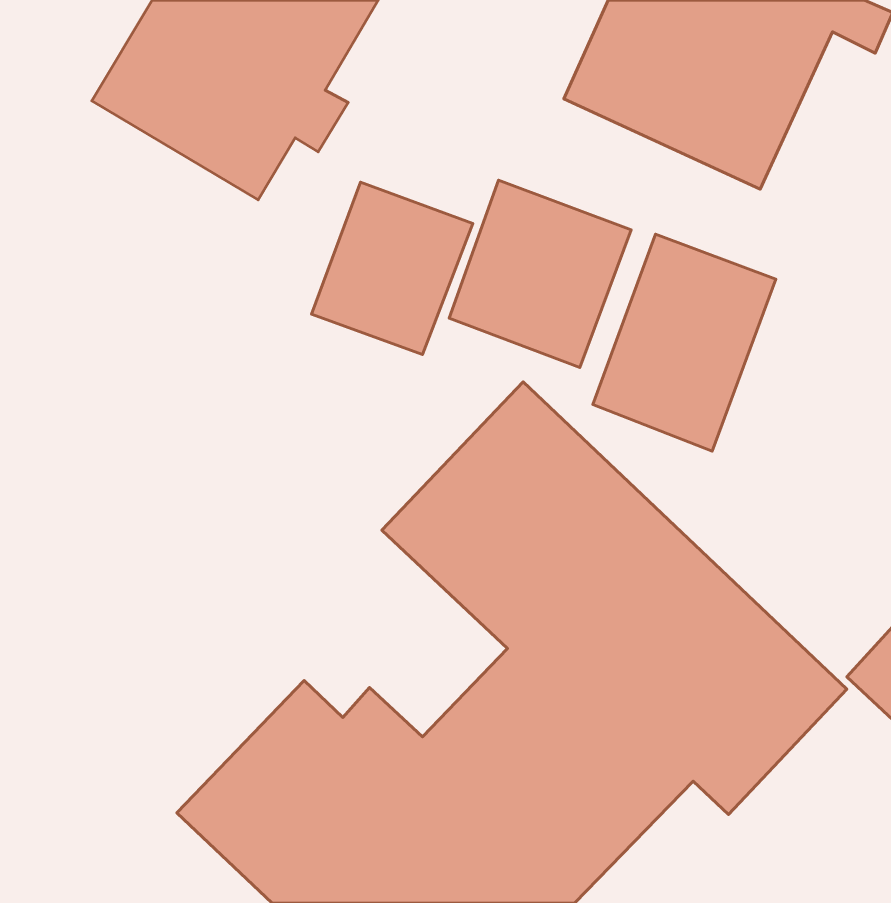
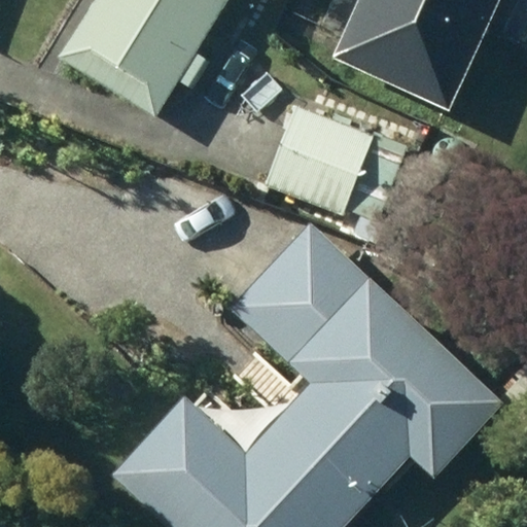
building: [311,182,473,355] -> none
building: [593,234,776,451] -> none

